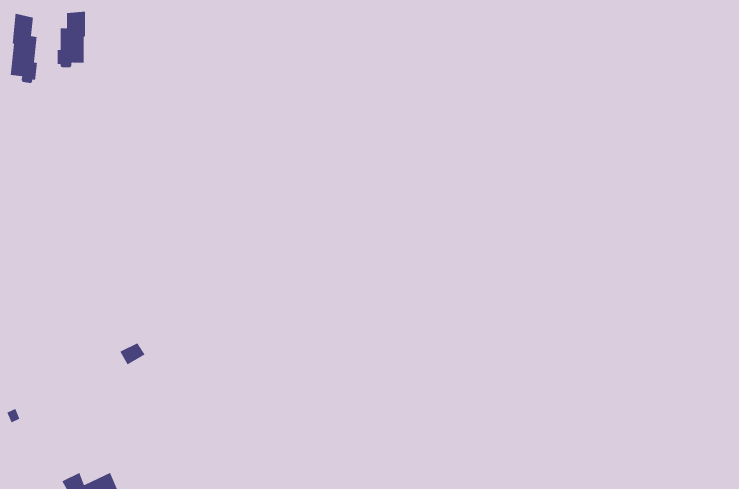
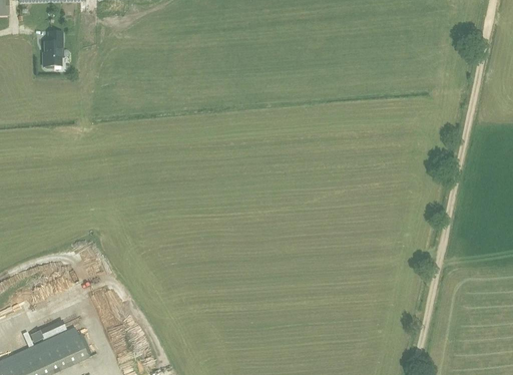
building: [10,13,37,84] -> none

